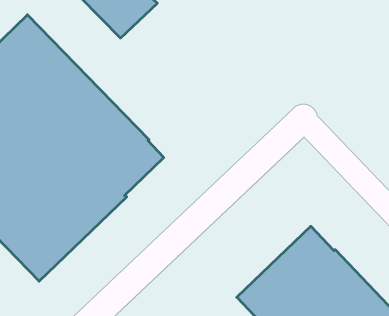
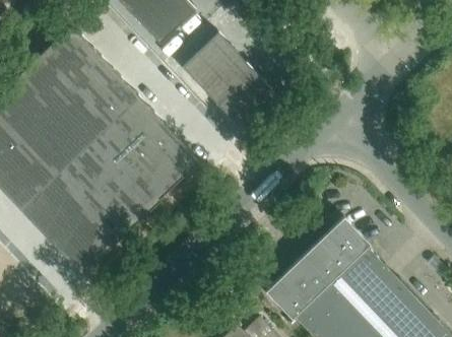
building: none -> [182,32,273,125]

